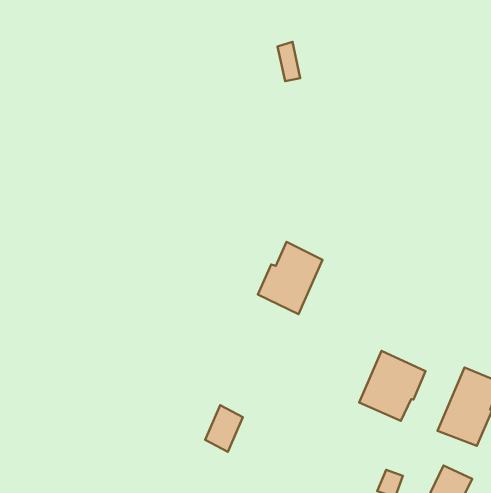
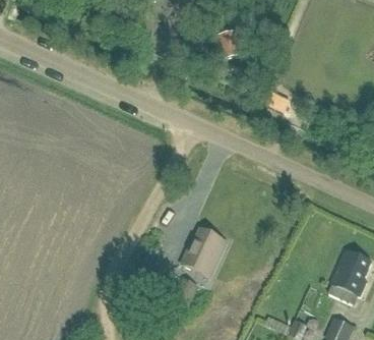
building: [258,242,323,314] -> [182,227,226,276]
building: [359,351,426,421] -> none

